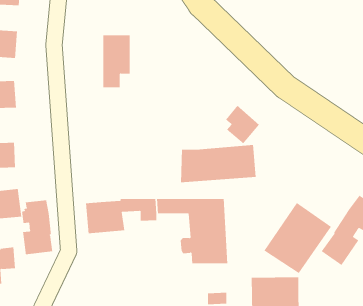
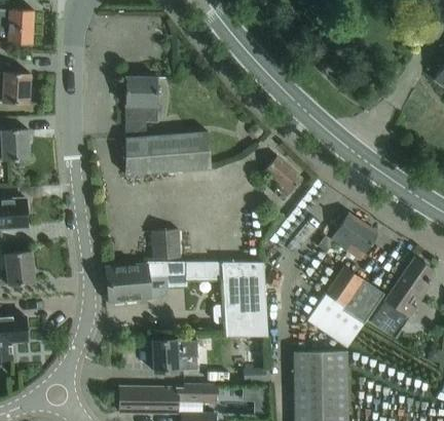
building: [180,145,257,183] -> [124,131,211,175]
building: none -> [318,213,379,260]
building: none -> [152,229,180,259]
building: [22,200,53,255] -> none
building: none -> [152,339,197,373]

